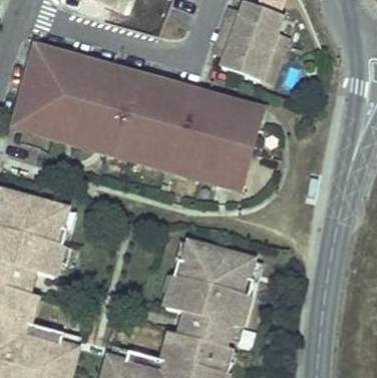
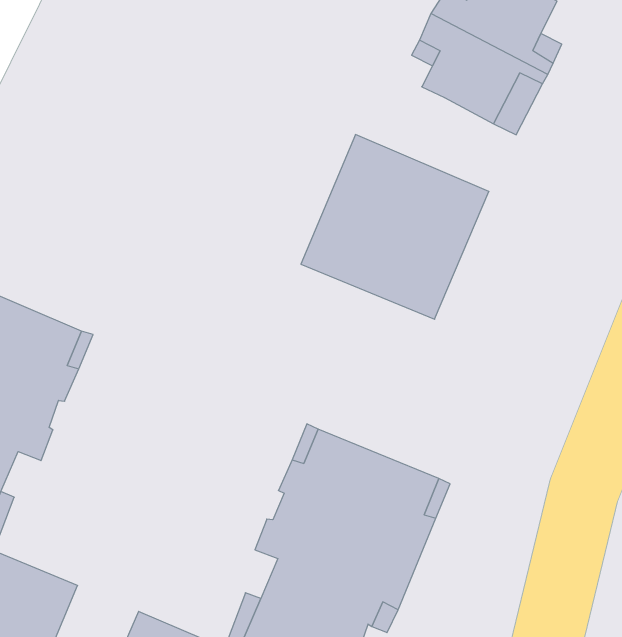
building: [24,53,141,147] -> none
building: [141,83,173,154] -> none

